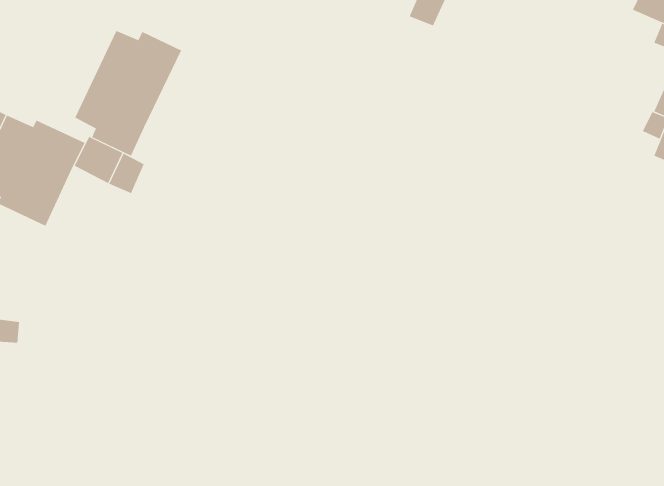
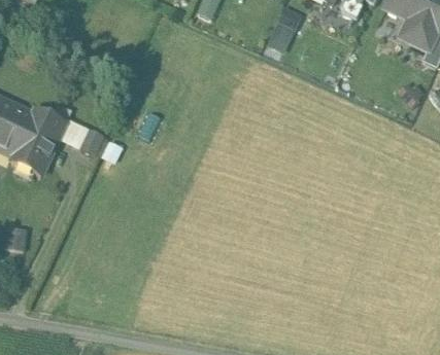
building: [75,30,182,157] -> none

